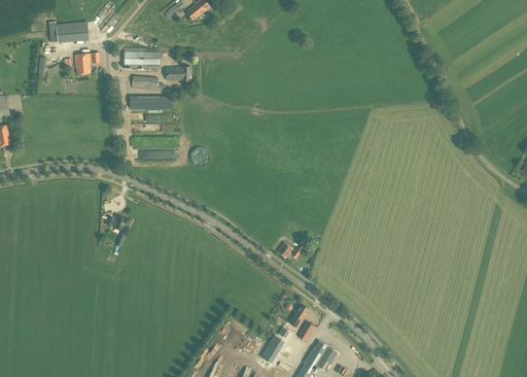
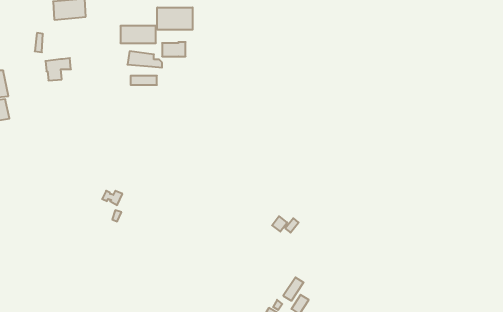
building: none -> [157,7,193,30]
building: [73,52,99,74] -> [45,58,71,80]

